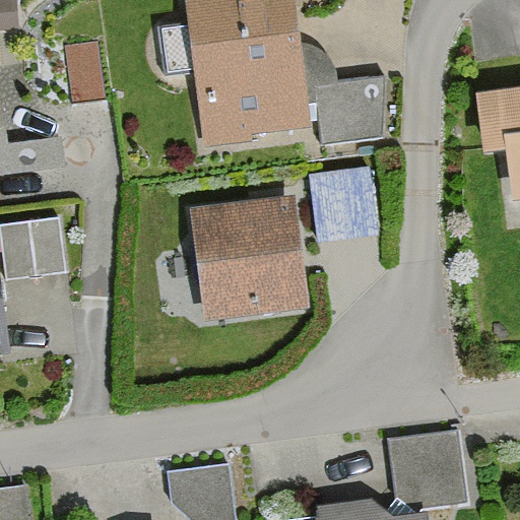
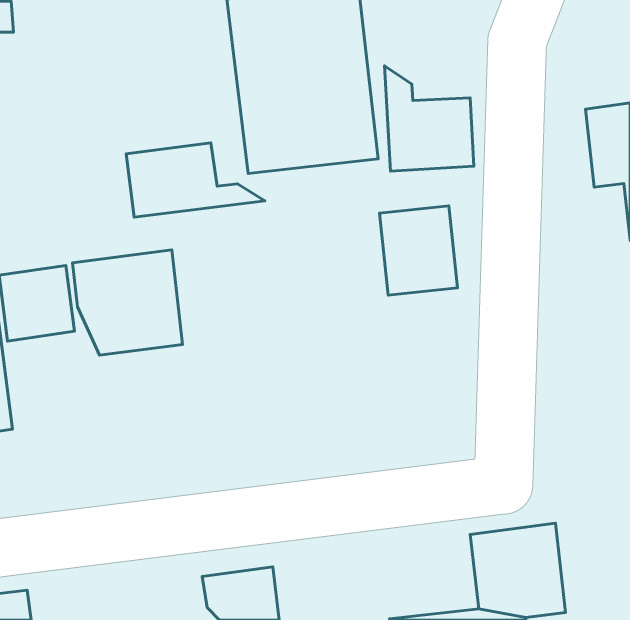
building: none -> [126,143,265,217]
building: [192,195,310,321] -> none
building: none -> [72,250,182,355]

